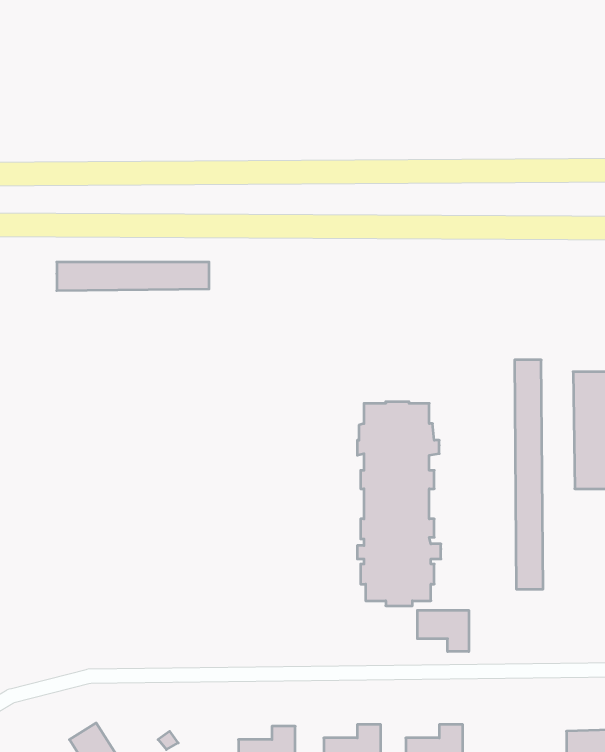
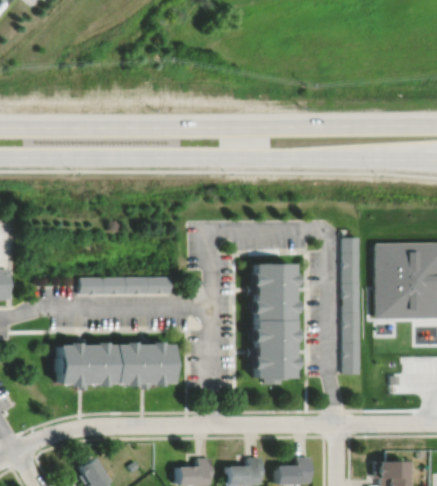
building: [57,262,209,291] -> [81,278,172,295]
building: none -> [58,339,179,391]
building: [417,610,469,652] -> none

